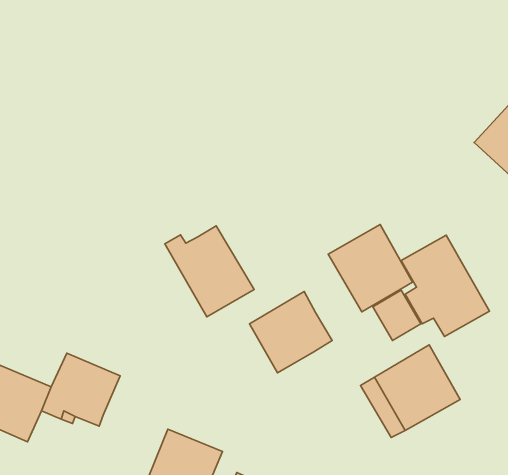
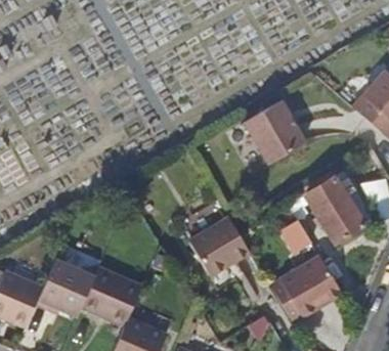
building: [328,225,413,312] -> [246,102,307,166]
building: [165,226,254,317] -> none
building: none -> [82,267,141,326]

